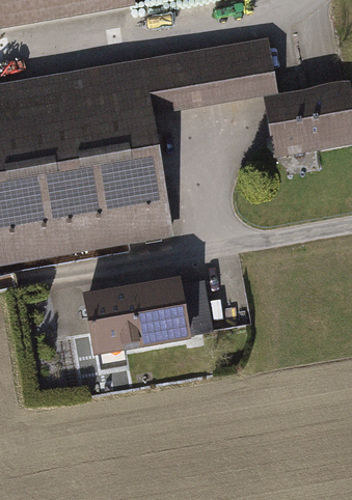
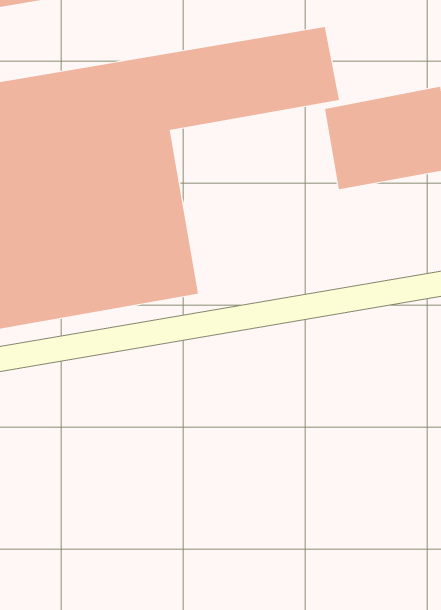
building: [82,279,214,359] -> none

